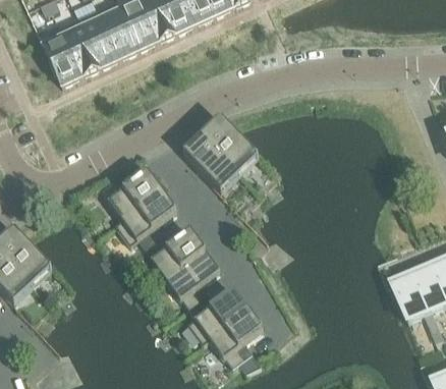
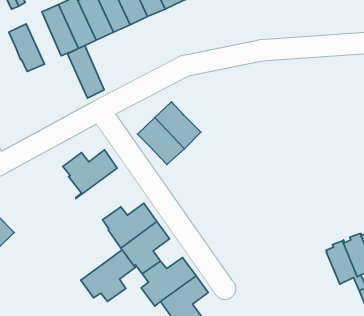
building: [59,17,100,75] -> [67,46,104,98]
building: [116,190,176,247] -> [81,250,135,301]

